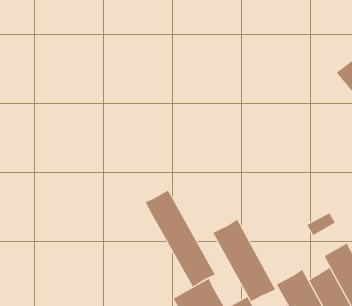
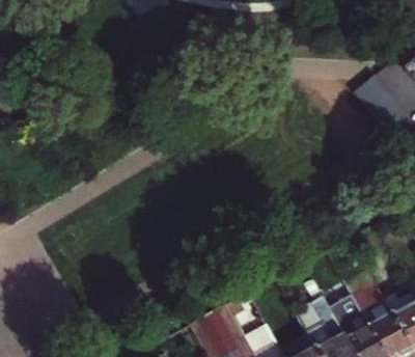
building: [145,190,215,287] -> none
building: [212,219,276,302] -> none

